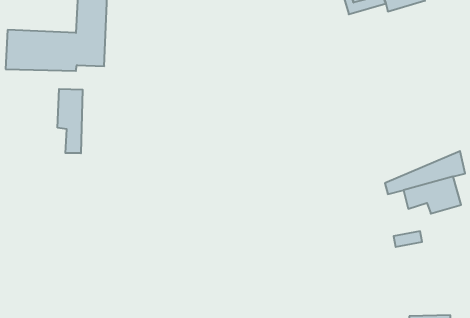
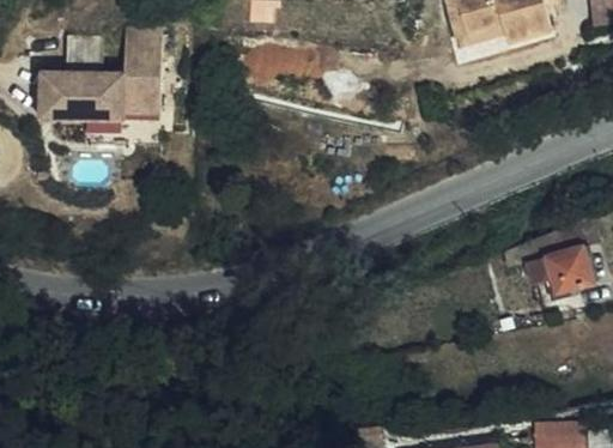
building: [58,89,83,153] -> none

